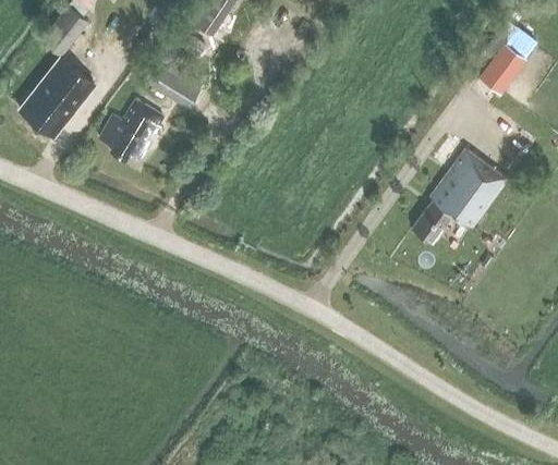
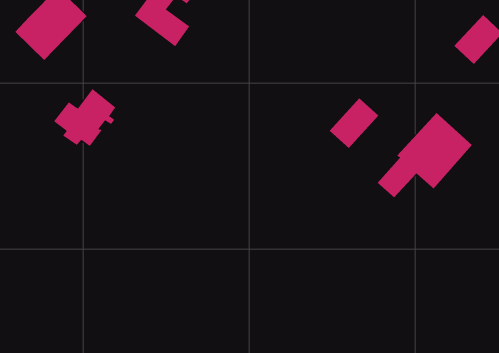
building: [99,100,163,161] -> [53,88,116,147]
building: none -> [329,97,379,149]

